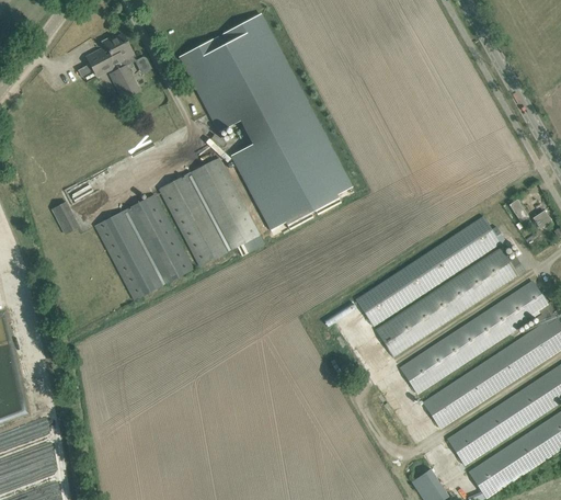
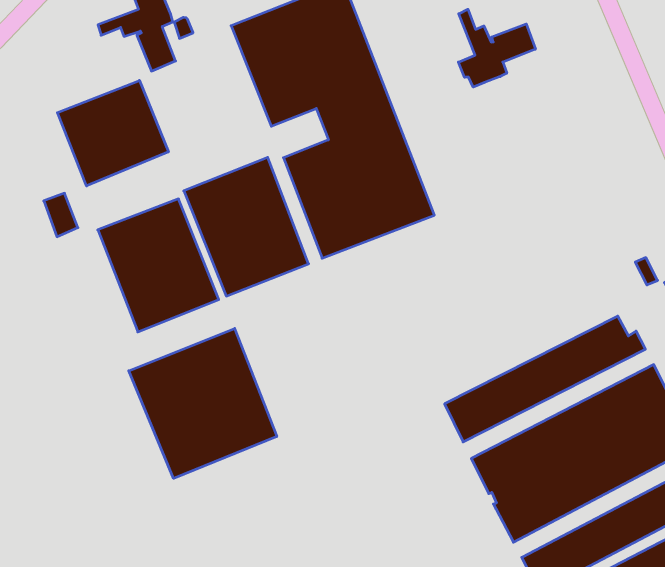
building: none -> [458,9,535,87]
building: none -> [57,80,168,186]
building: [356,215,505,326] -> none
building: none -> [129,328,277,478]

